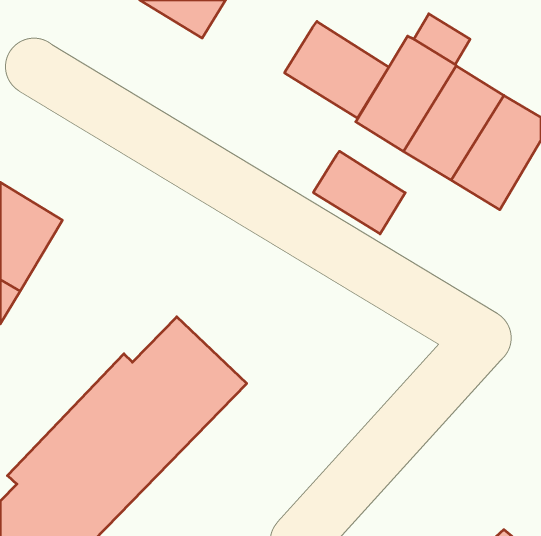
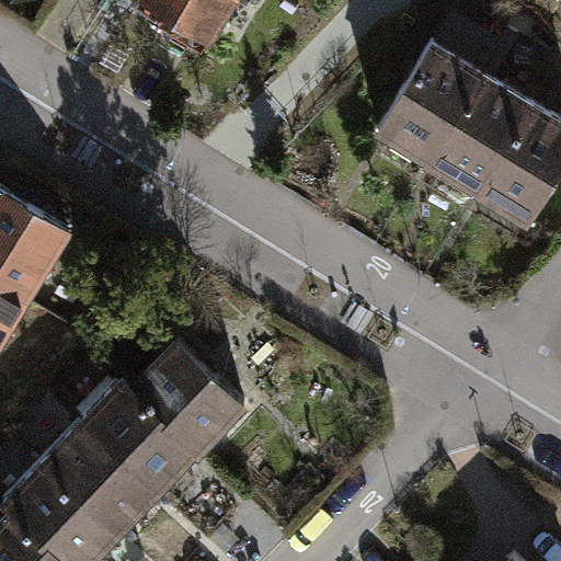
building: [285,21,389,118] -> none
building: [314,151,405,234] -> none

